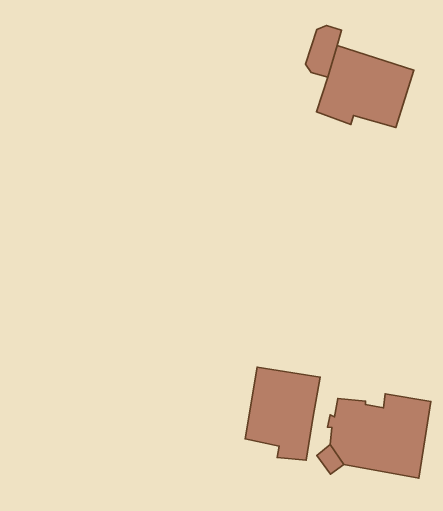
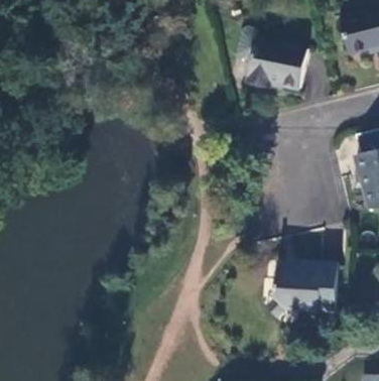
building: [245,367,320,460] -> none

